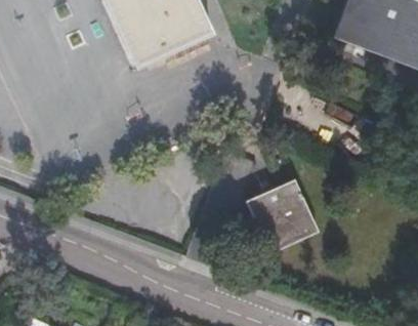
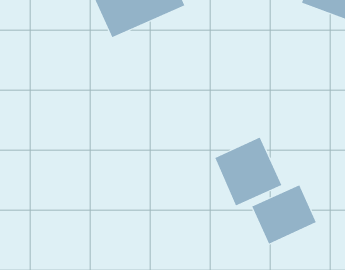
building: none -> [251,184,316,245]

